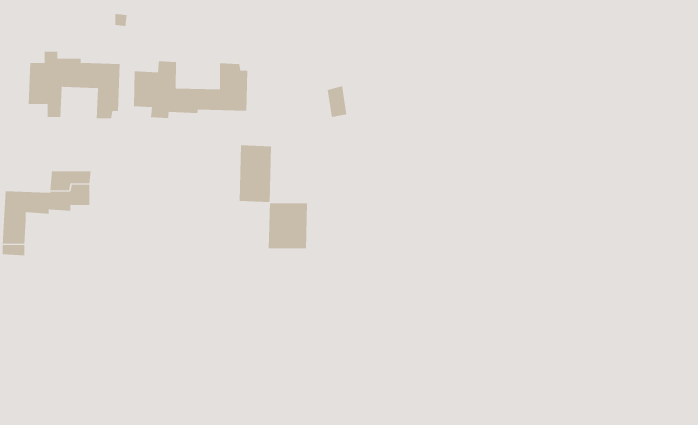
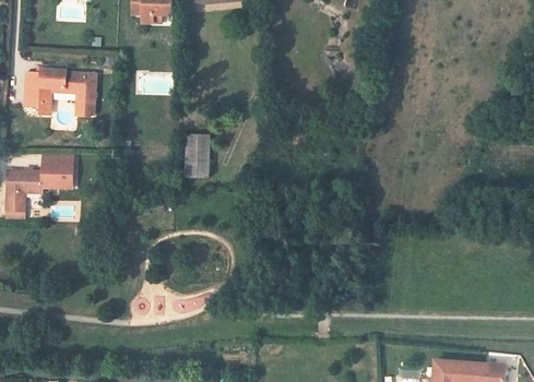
building: [133,61,248,119] -> none
building: [268,202,308,249] -> none

